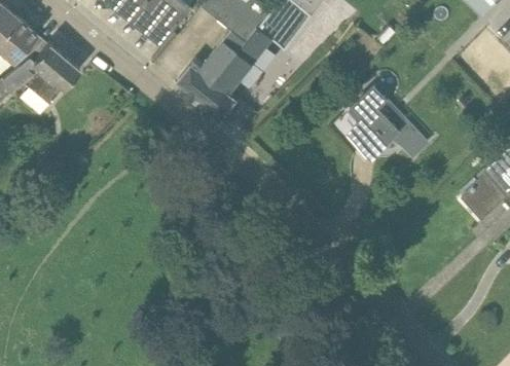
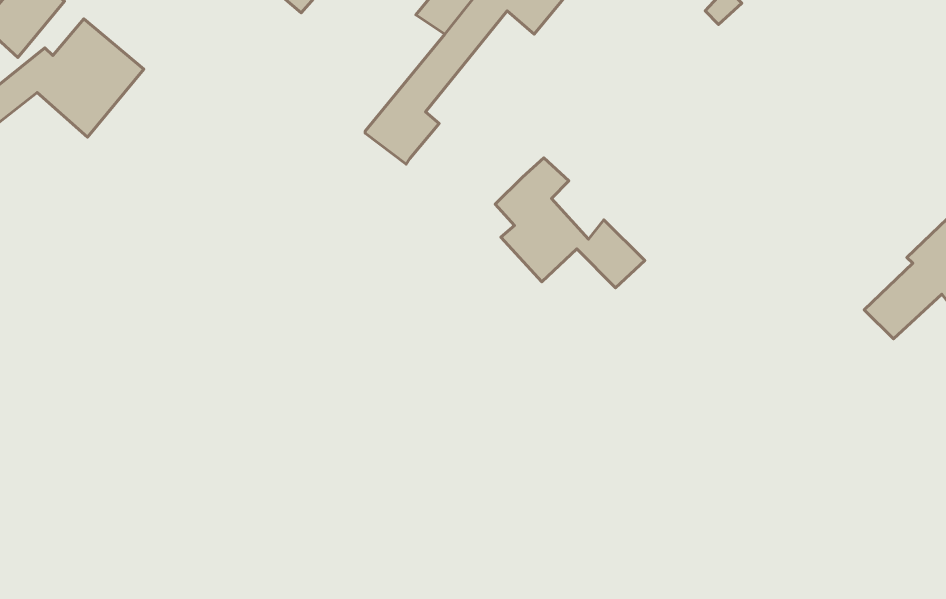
building: [179,40,239,103] -> none
building: [350,86,429,155] -> [495,158,645,288]

